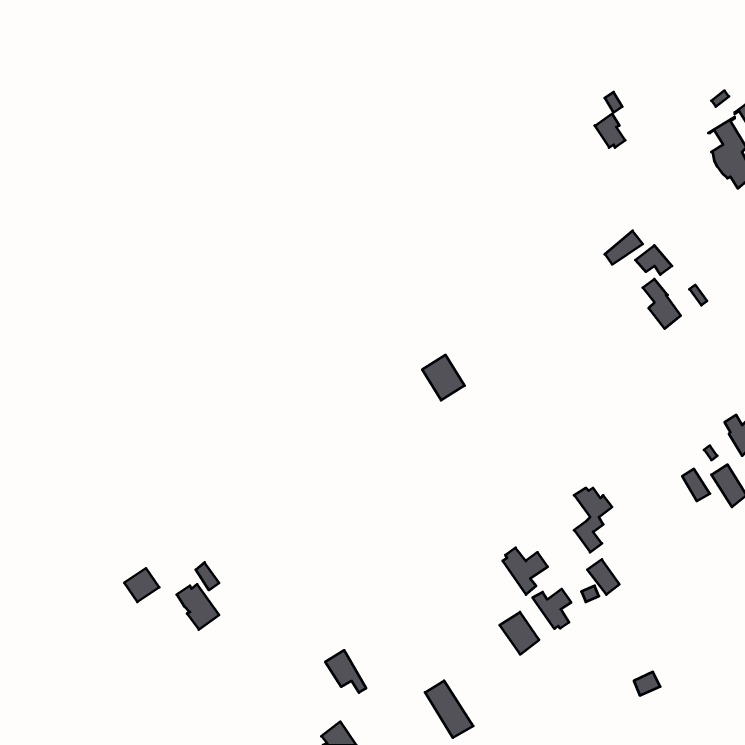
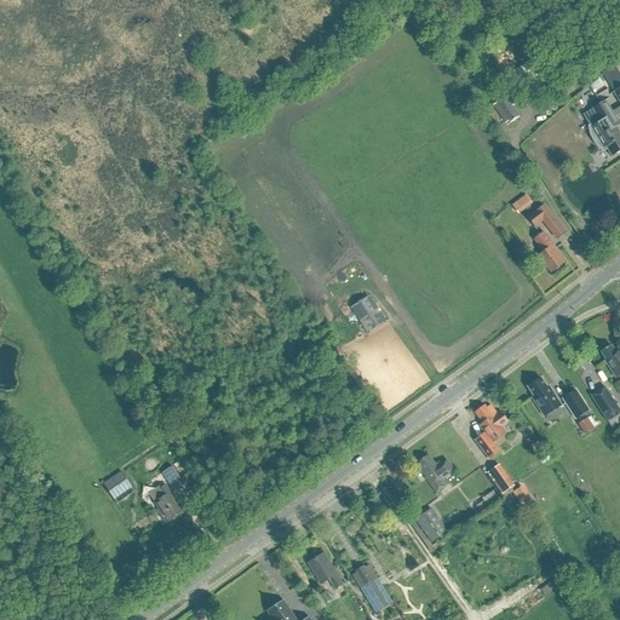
building: none -> [528,378,562,415]
building: [533,589,571,629] -> none
building: [325,650,366,693] -> [309,552,343,587]

